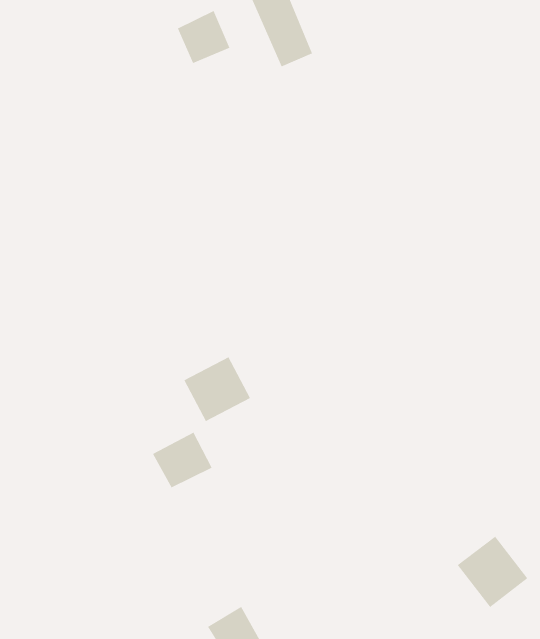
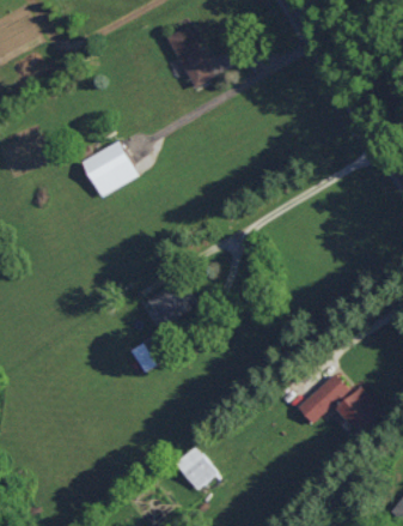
building: [177,10,230,64] -> none
building: none -> [83,140,139,197]
building: none -> [298,373,350,423]

